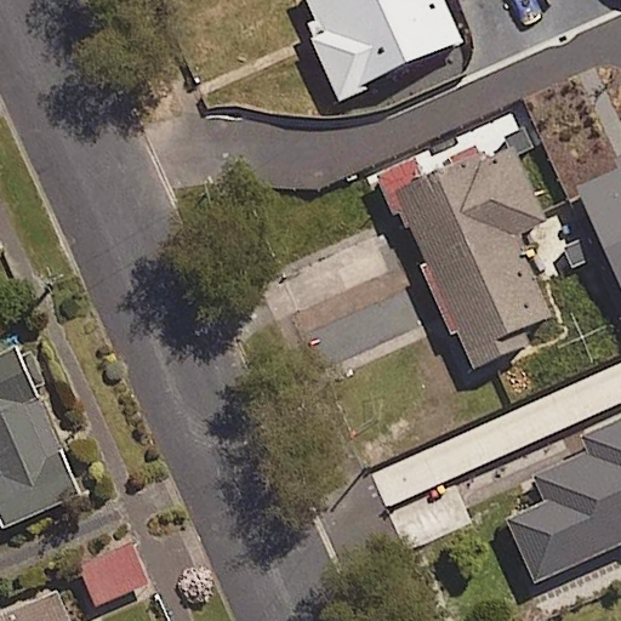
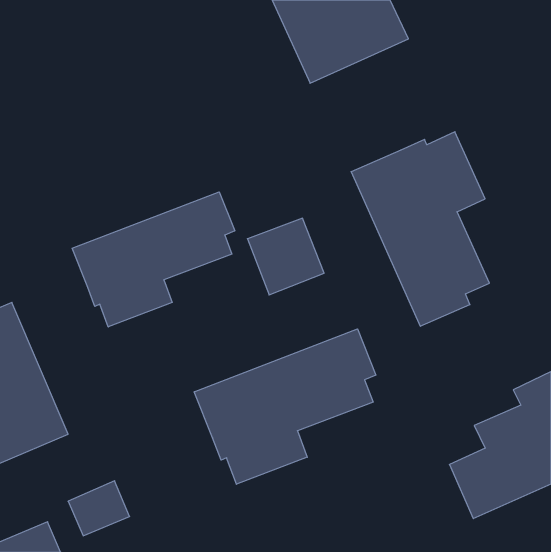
building: none -> [72,192,235,327]
building: none -> [194,329,376,484]

